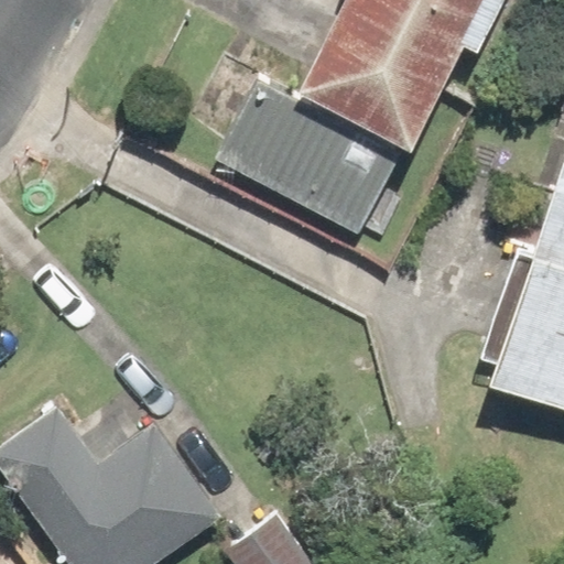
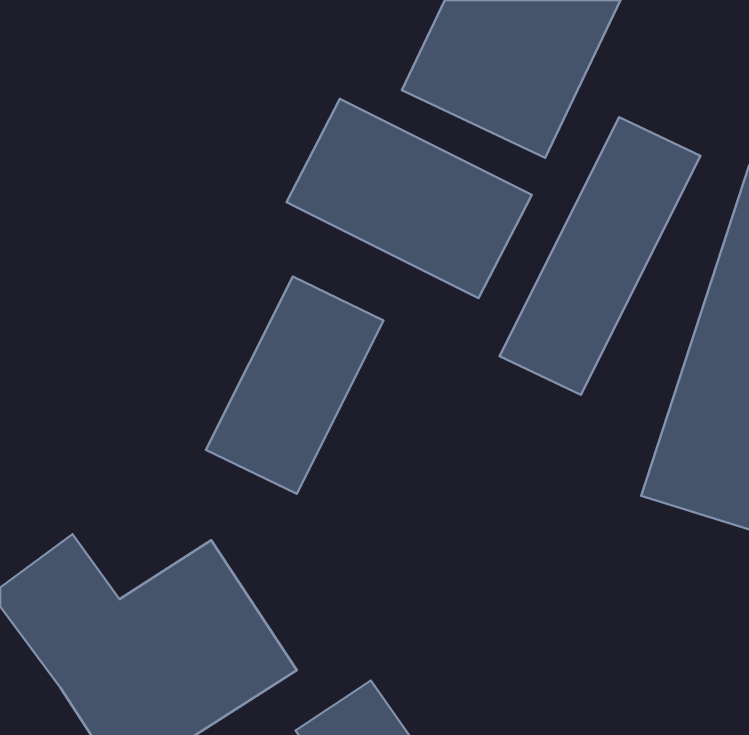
building: none -> [499,117,701,395]
building: none -> [206,276,384,494]

